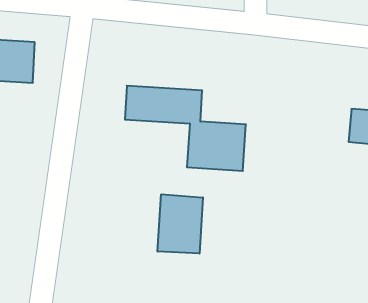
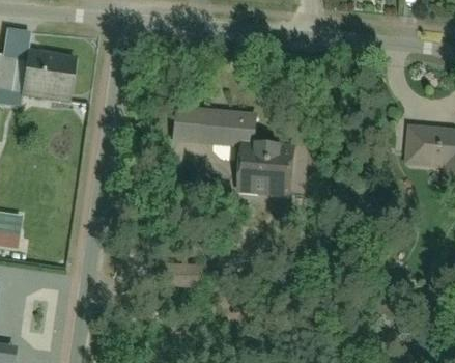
building: [158,194,203,254] -> none

